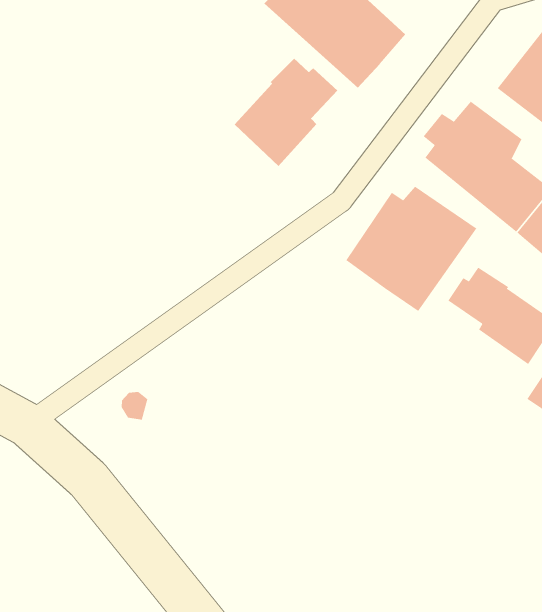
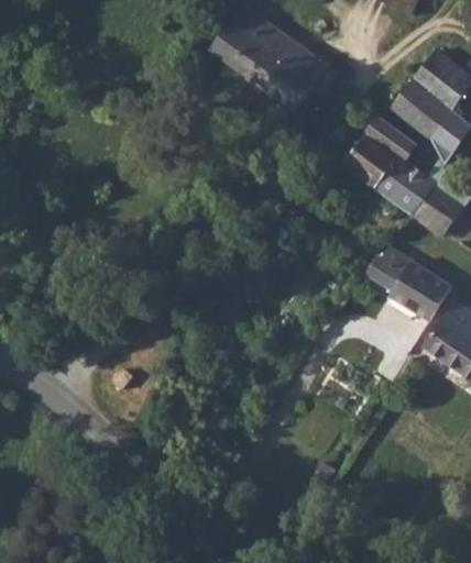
building: [234,58,338,167] -> none
building: [345,186,477,312] -> none

